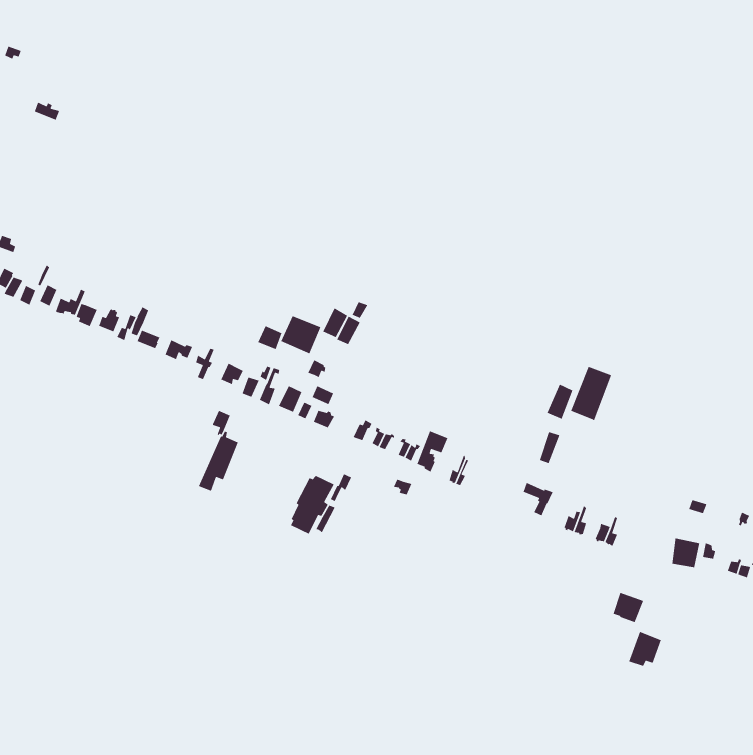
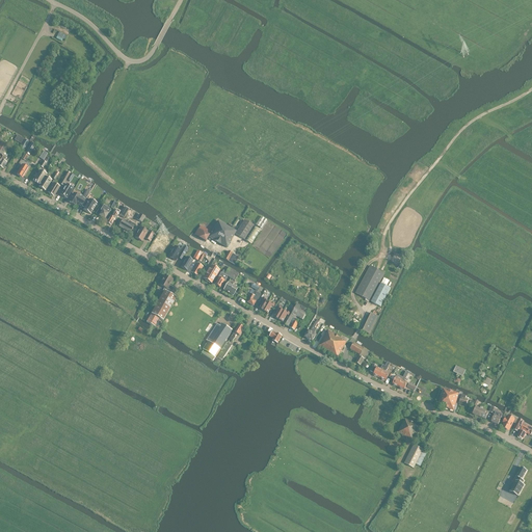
building: [570,366,612,422] -> [354,264,383,299]
building: none -> [317,328,345,355]

